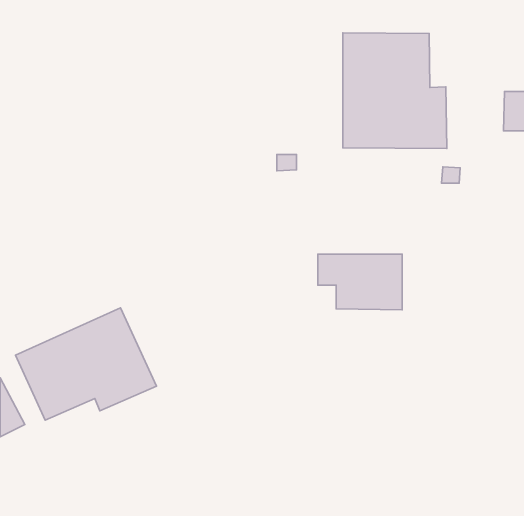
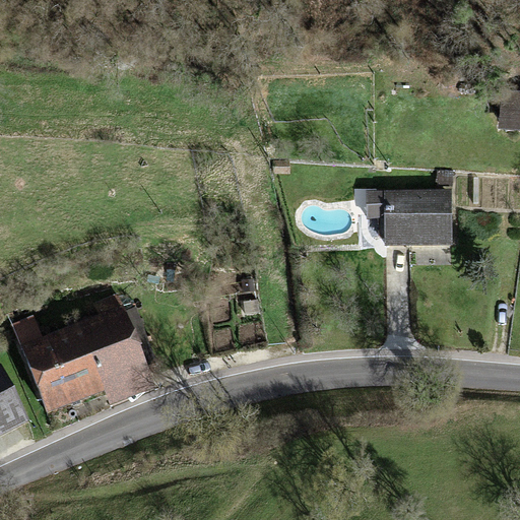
building: [343,33,447,149] -> none
building: [318,254,402,310] -> [368,188,451,243]

